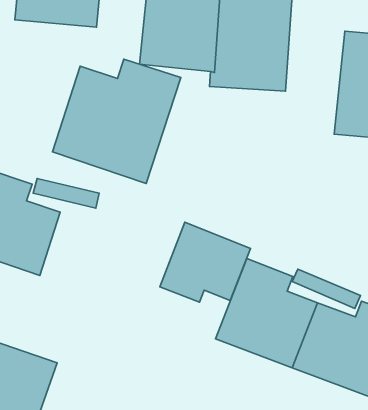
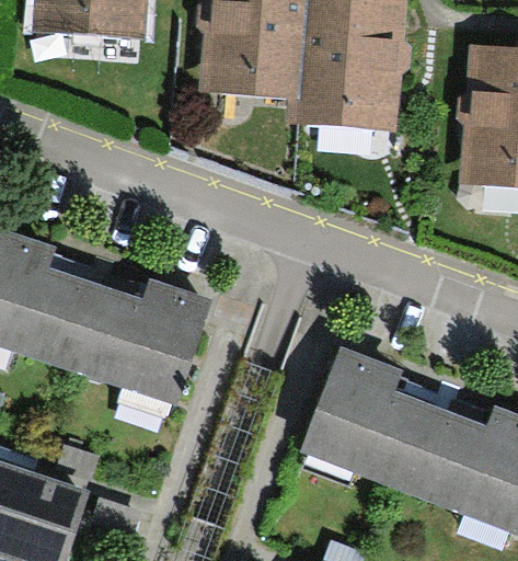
building: [52,59,181,184] -> none
building: none -> [67,280,212,407]
building: [160,222,250,302] -> none

